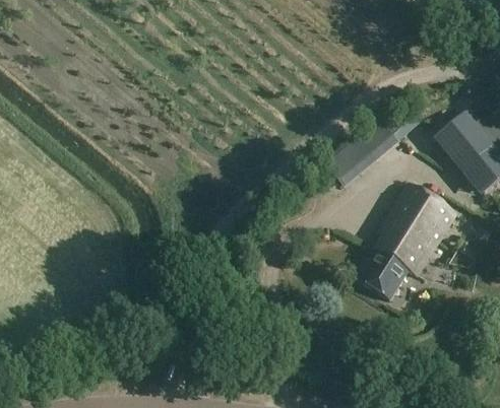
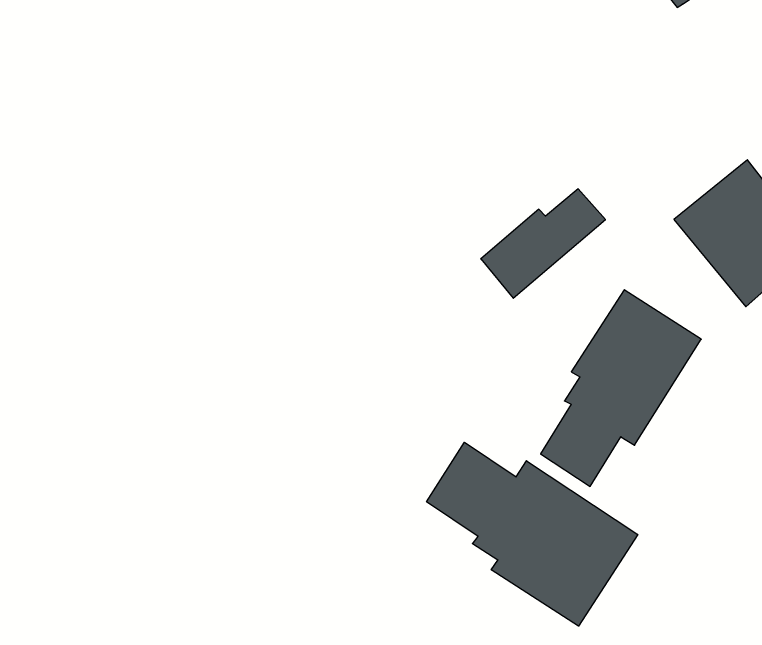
building: none -> [427,442,638,626]

